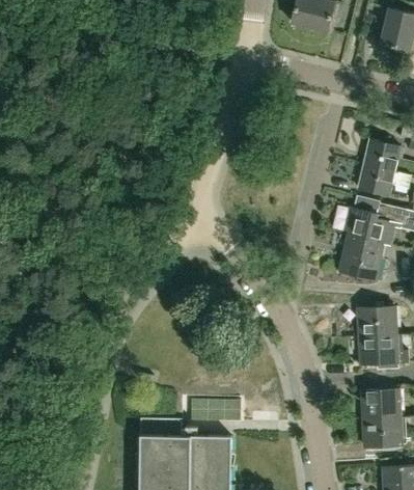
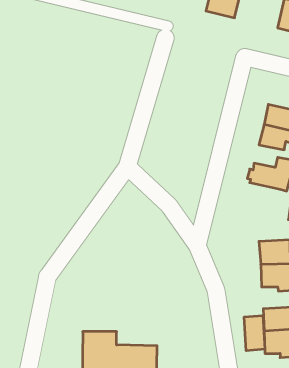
building: [338,235,383,280] -> none
building: none -> [244,315,265,351]

